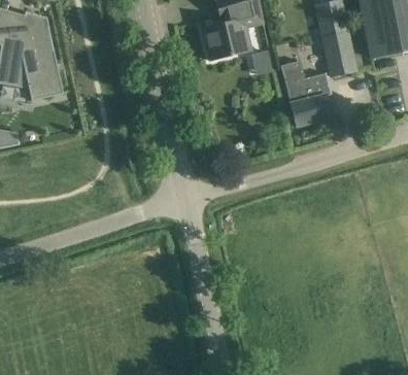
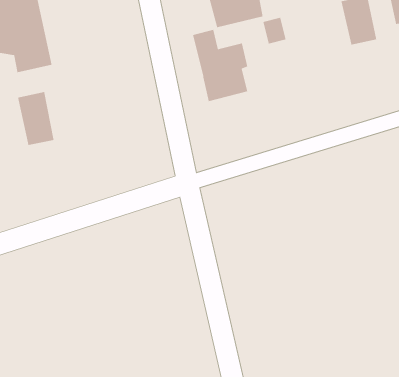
building: [280,59,331,125] -> [192,29,248,102]
building: none -> [17,91,55,146]

